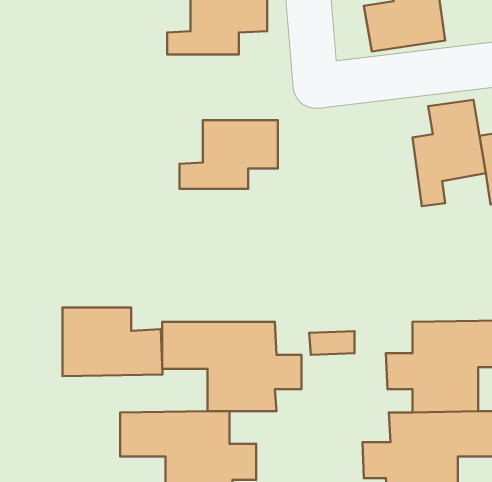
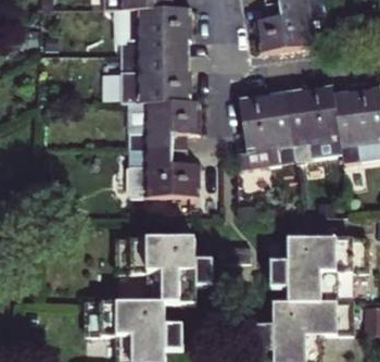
building: none -> [121,54,190,101]
building: none -> [238,93,297,168]
building: [62,307,163,376] -> [129,148,199,196]

